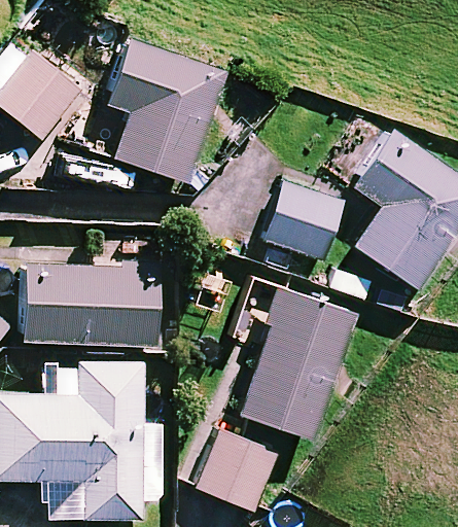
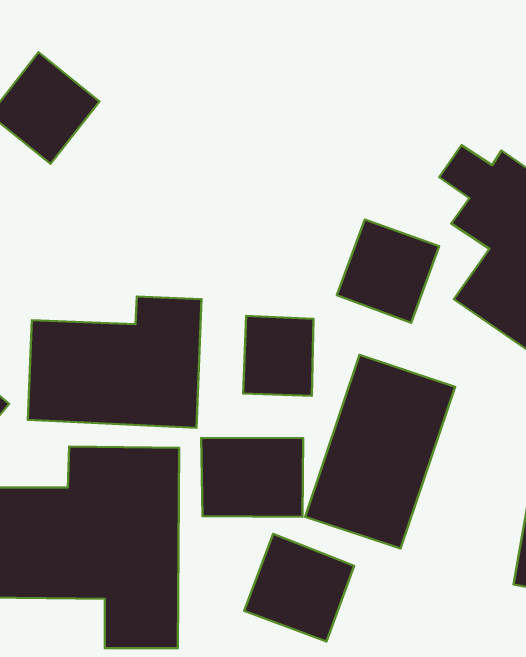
building: [108,39,226,185] -> none
building: none -> [243,316,314,396]
building: none -> [201,438,303,517]

